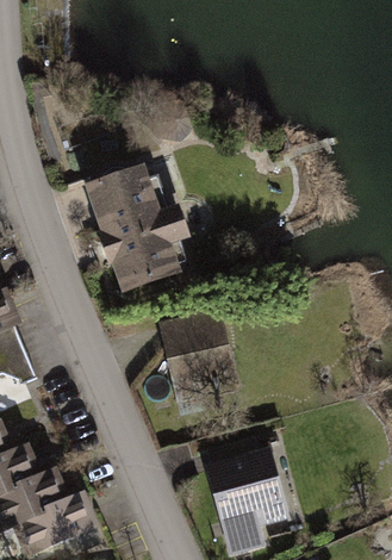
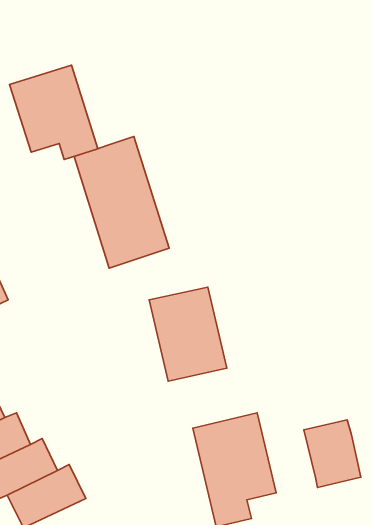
building: none -> [10,65,98,159]
building: none -> [304,420,361,487]

